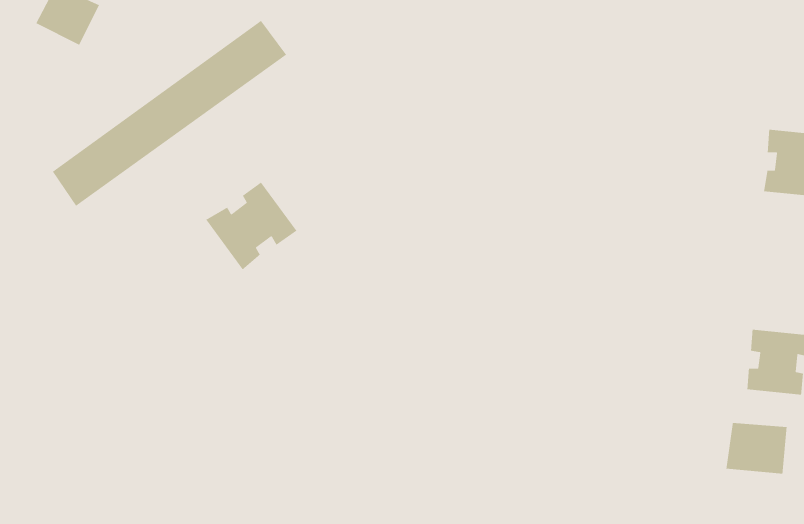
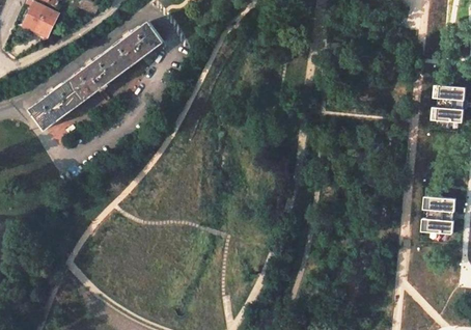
building: [205,182,298,271] -> none
building: [726,422,788,475] -> none

